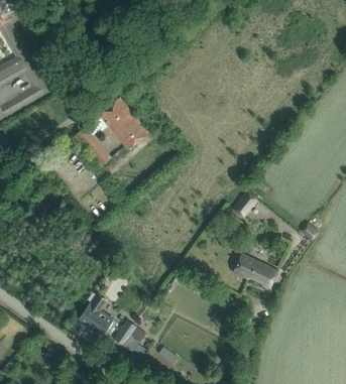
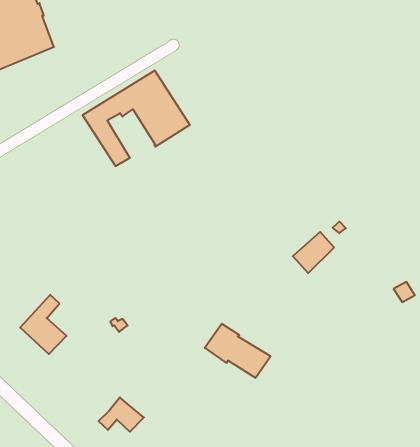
building: [232,254,277,287] -> [205,324,271,378]
building: [80,294,112,335] -> [20,295,67,354]

